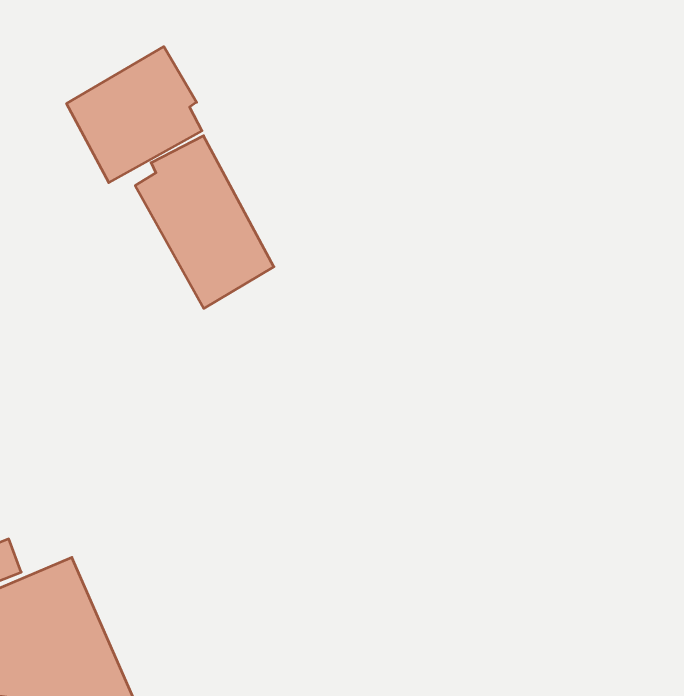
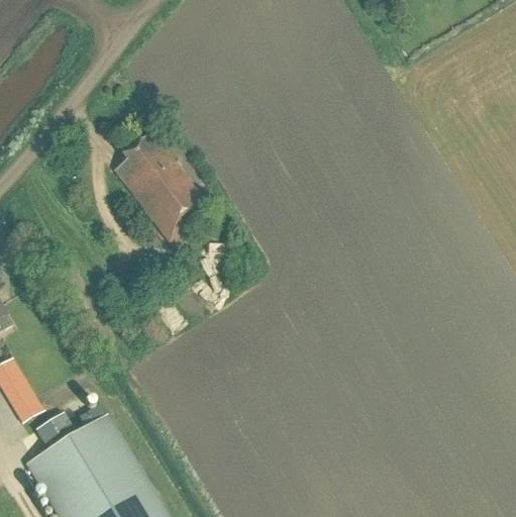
building: [67,47,202,183] -> none

